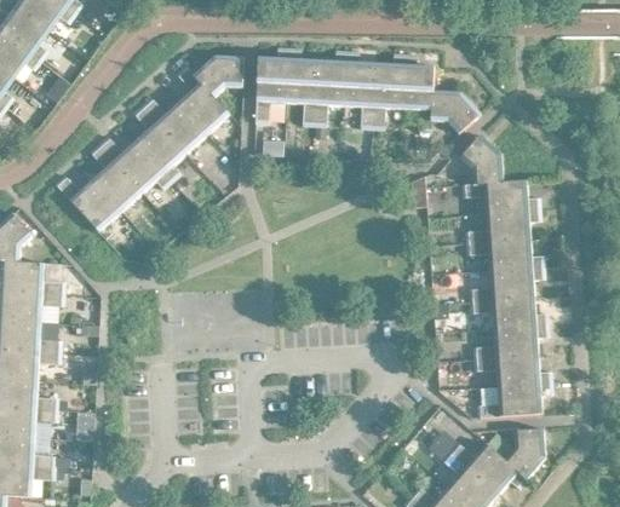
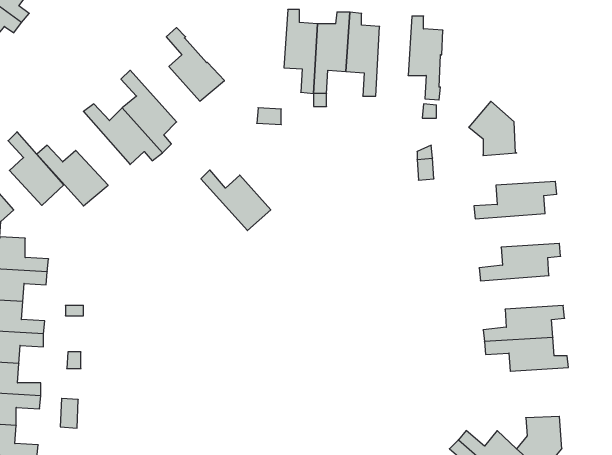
building: [253,46,288,123] -> none
building: [371,52,404,129] -> none
building: [191,54,242,97] -> none
building: [430,90,480,133] -> none
building: [140,96,206,152] -> [201,170,271,231]
building: [88,143,140,212] -> [8,132,64,205]
building: [460,179,539,212] -> none
building: [464,238,542,270] -> none
building: [469,296,546,328] -> none
building: [476,382,551,417] -> none

